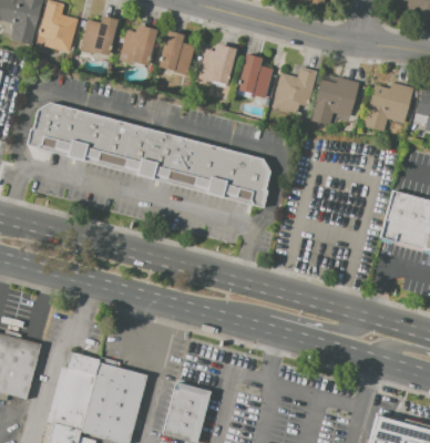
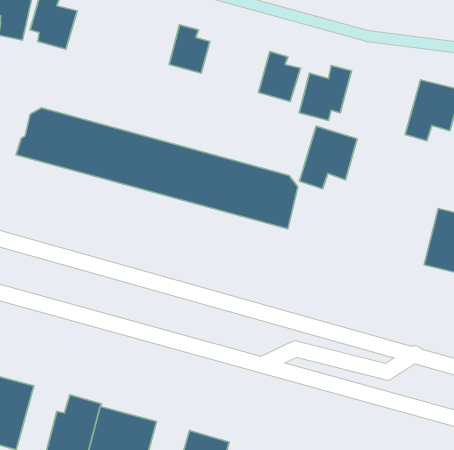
building: [80,16,119,55] -> none
building: [119,24,157,65] -> none
building: [197,44,236,85] -> none
building: [309,71,359,125] -> [300,126,357,189]

